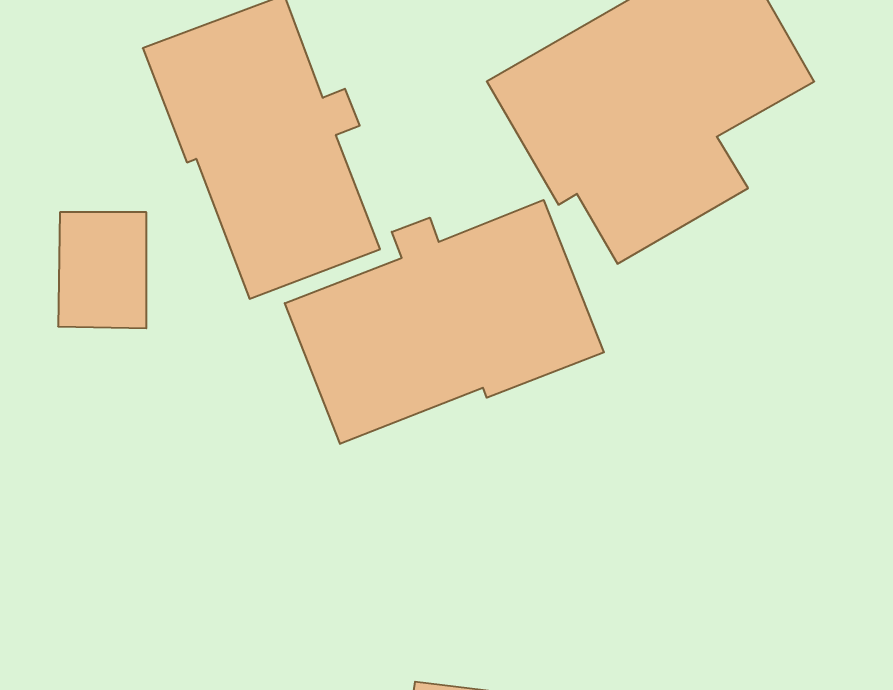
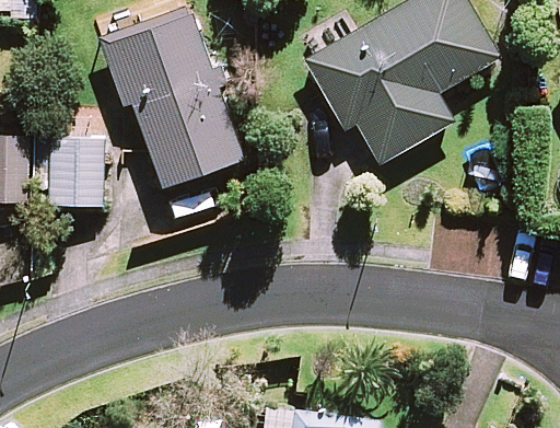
building: [285,200,604,444] -> none

